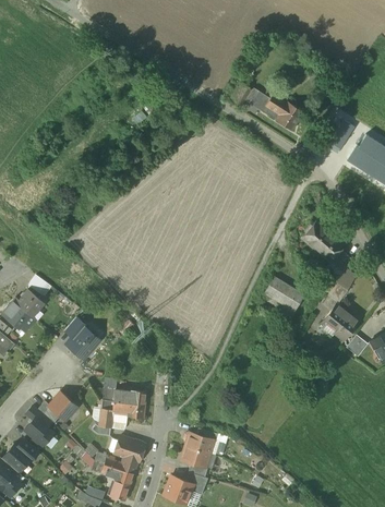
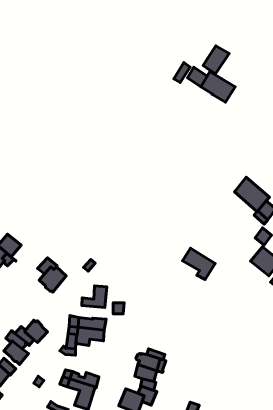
building: none -> [203,46,229,74]
building: [264,277,303,315] -> [182,248,215,280]
building: none -> [82,286,107,308]
building: [115,436,144,461] -> none

